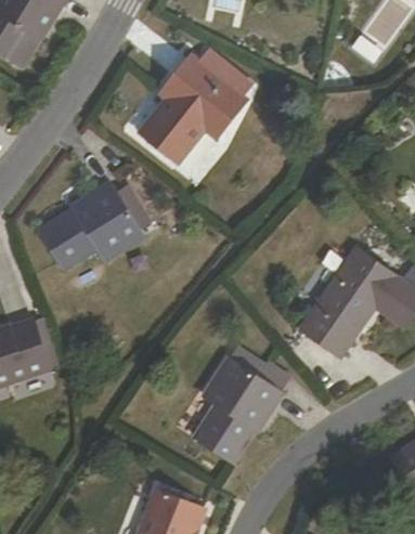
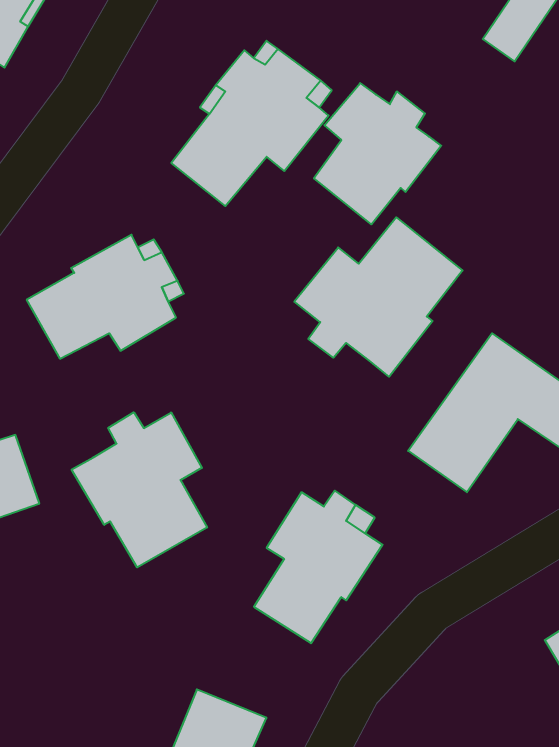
building: none -> [314,83,441,224]
building: none -> [294,217,463,377]
building: none -> [72,412,207,567]

